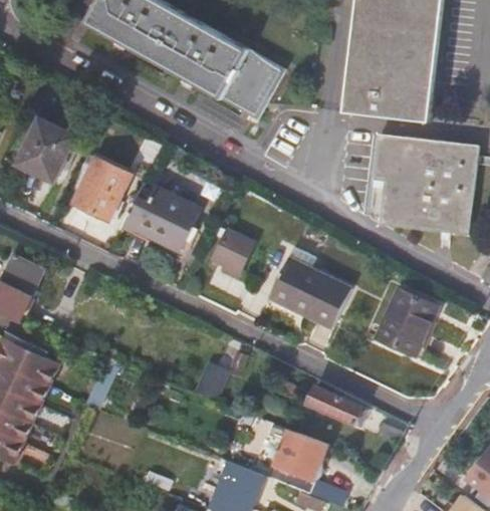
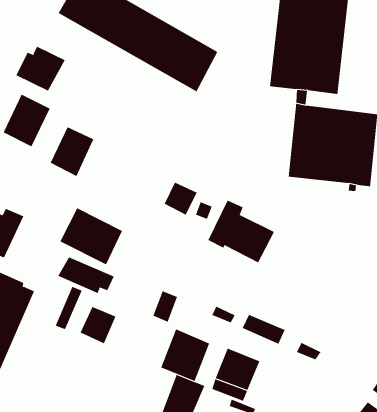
building: none -> [16,46,66,91]
building: [122,183,200,253] -> [60,208,123,265]
building: [375,288,436,355] -> none
building: none -> [58,256,115,294]
building: none -> [80,306,116,344]
building: none -> [160,329,210,382]

